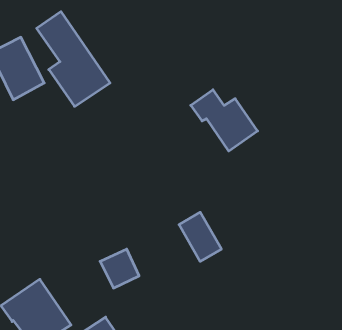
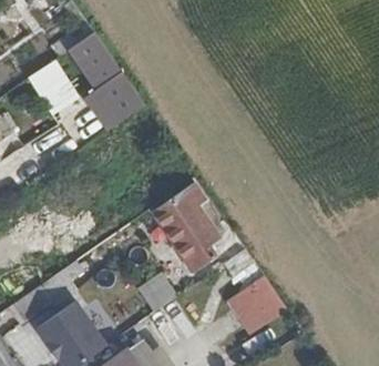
building: [191,90,258,151] -> [153,195,219,256]
building: none -> [222,274,284,335]

